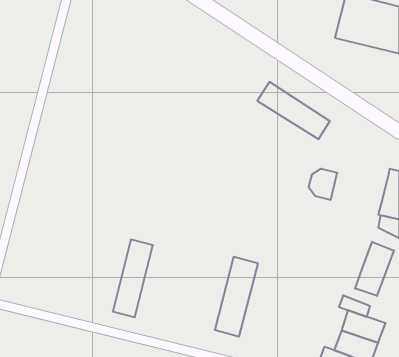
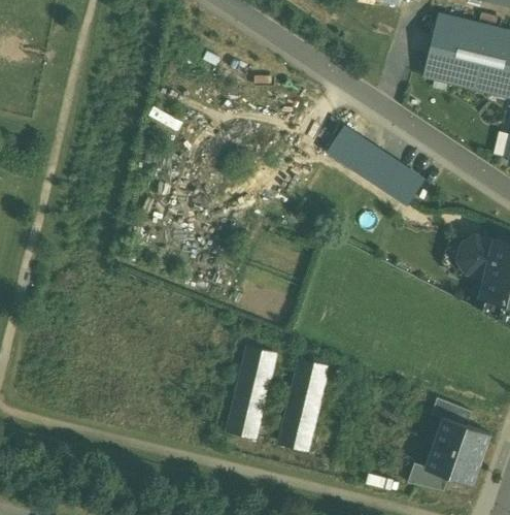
building: [309,169,337,200] -> [460,239,496,279]
building: [113,240,153,317] -> [226,339,276,437]
building: [355,242,394,296] -> none

